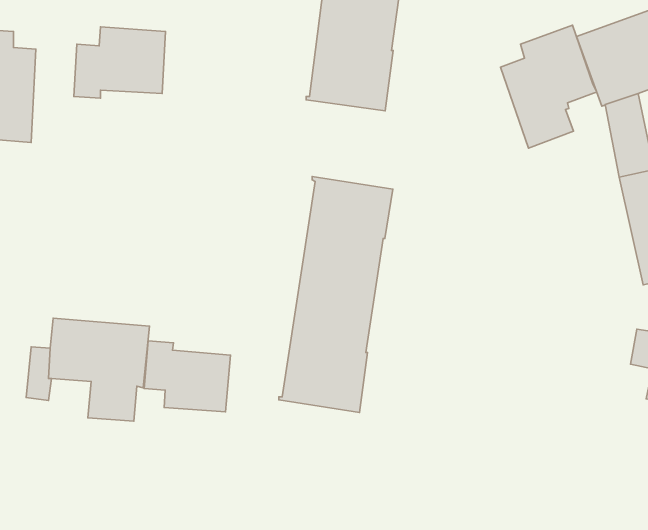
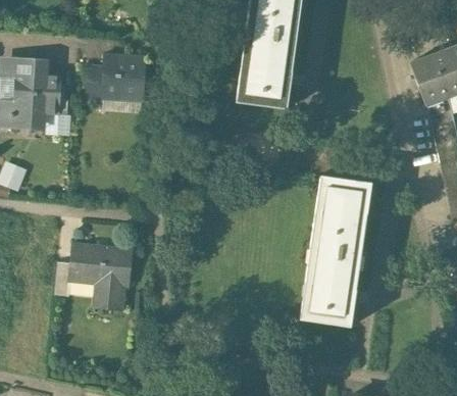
building: [500,25,597,148] -> none
building: [279,177,393,413] -> [299,176,372,328]
building: [144,341,231,412] -> none

